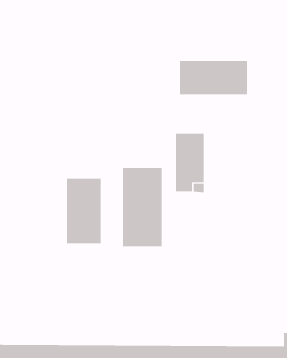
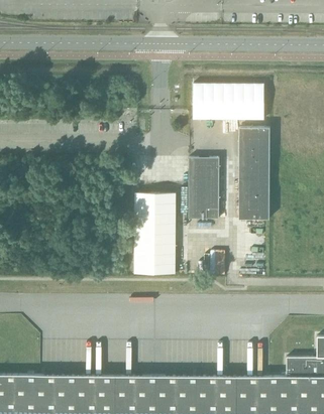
building: none -> [239,128,269,220]
building: [67,178,101,244] -> none

